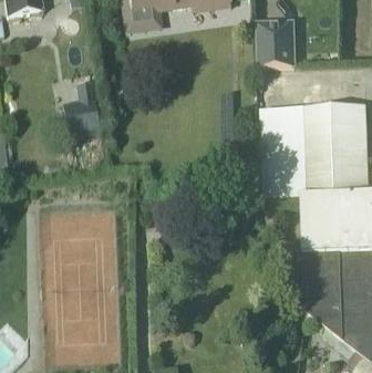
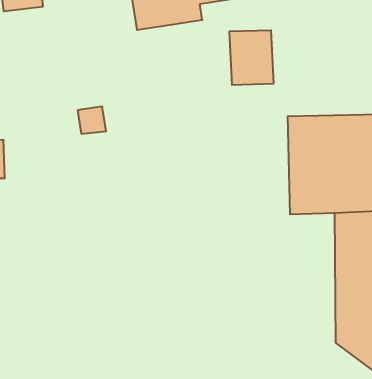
building: [254,18,293,66] -> [229,30,274,85]

